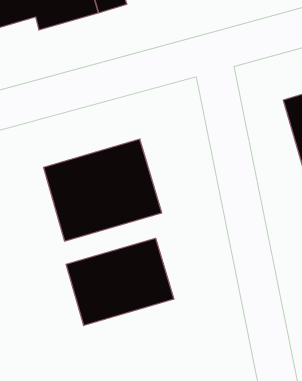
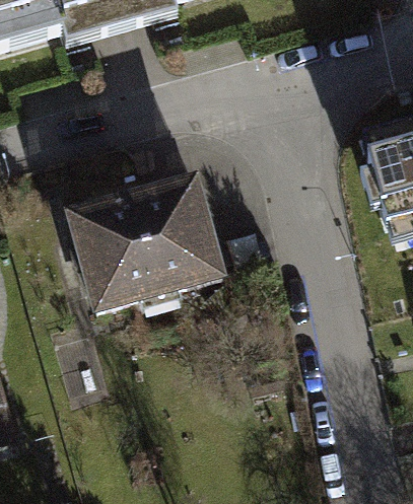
building: [66,238,174,326] -> none

